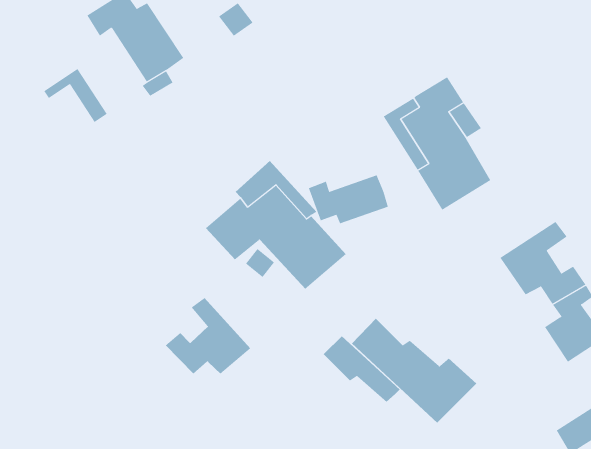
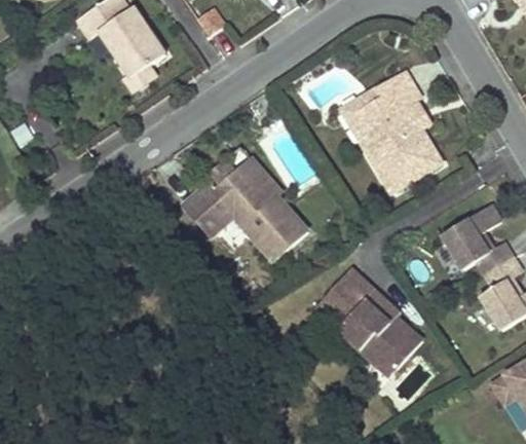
building: [44,68,107,123] -> none
building: [308,174,388,224] -> none
building: [165,297,251,374] -> none
building: [323,335,401,402] -> [335,268,403,327]

